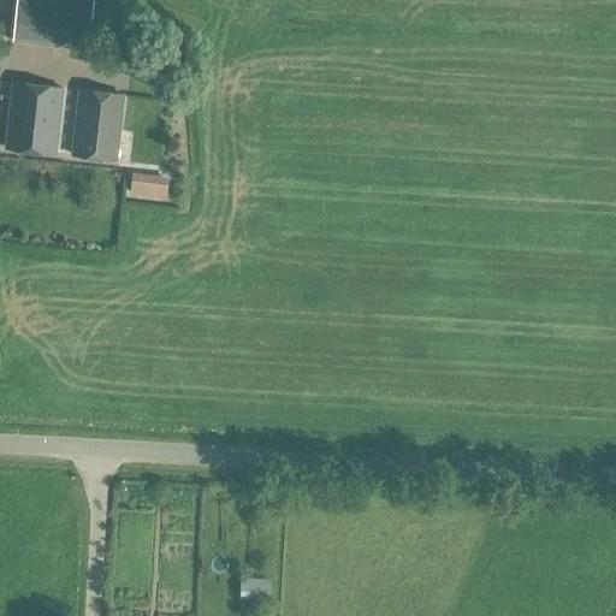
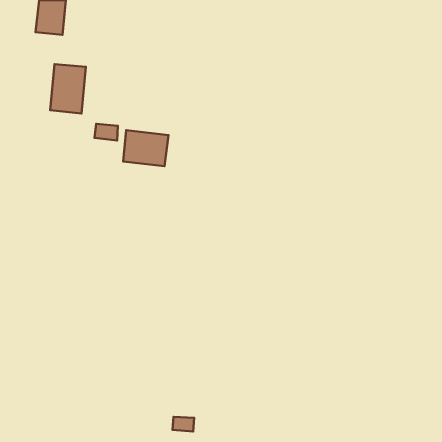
building: [7,83,65,154] -> none
building: none -> [123,130,168,166]

